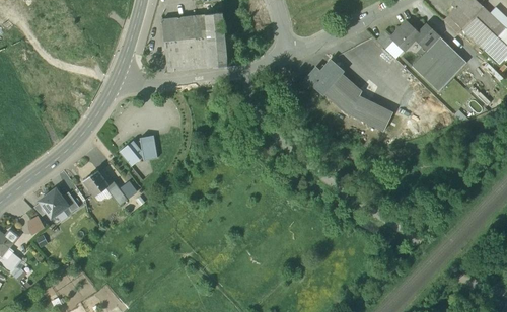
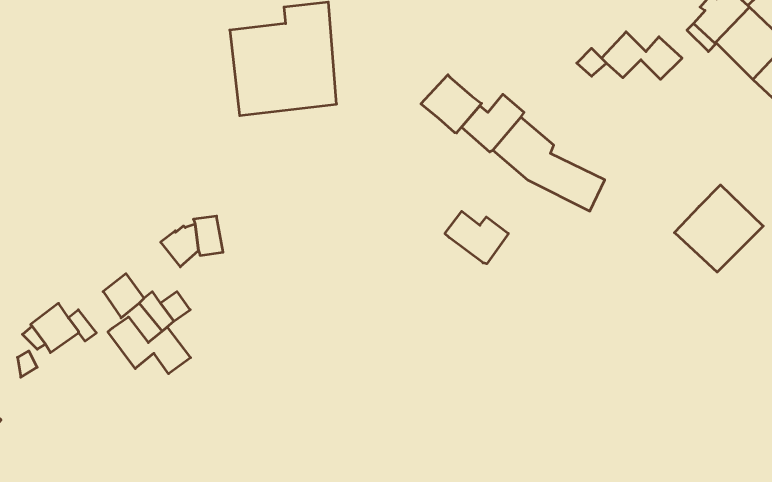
building: [412,37,466,91] -> [674,185,763,272]
building: none -> [421,75,482,133]
building: none -> [445,211,508,264]
building: none -> [108,317,191,374]

